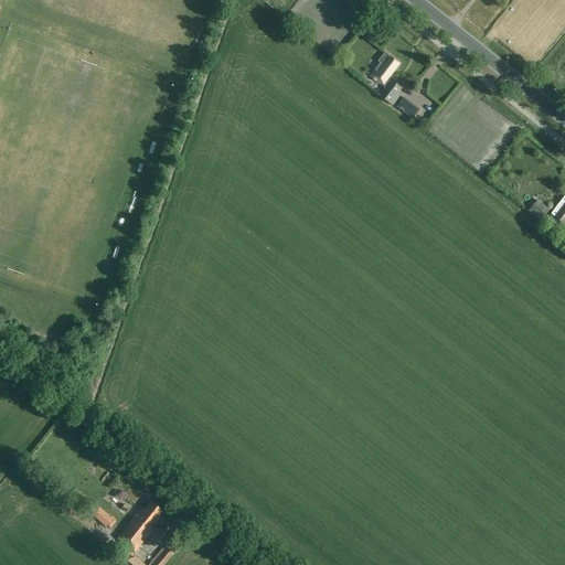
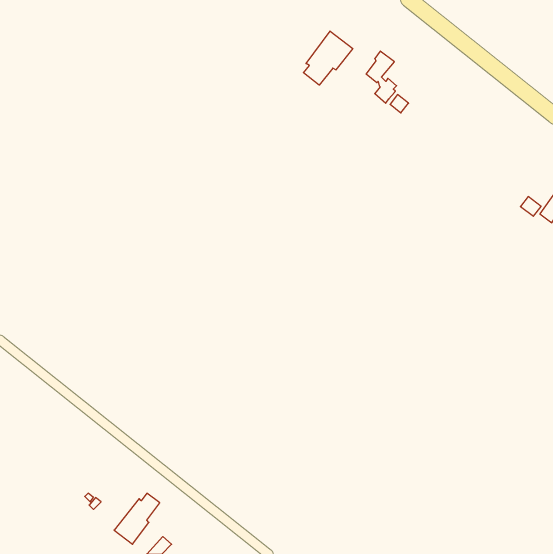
building: none -> [303,31,353,85]

